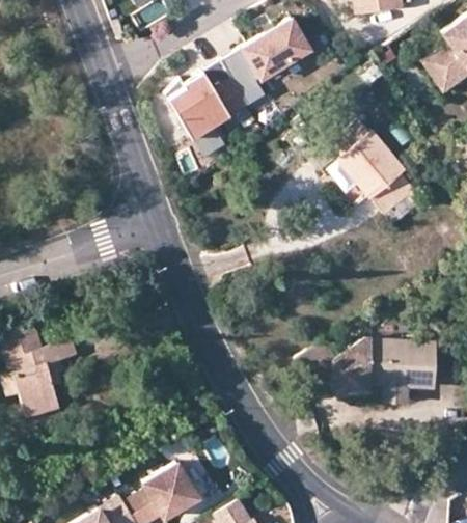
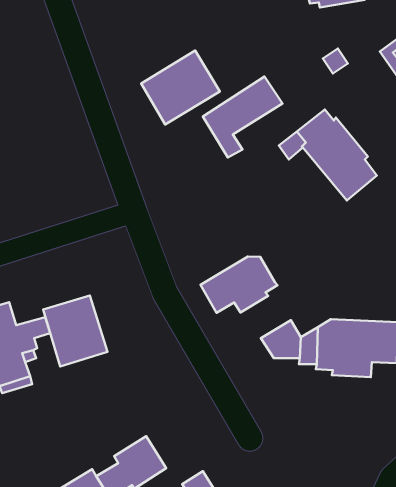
building: [228,20,311,104] -> [203,77,283,158]
building: none -> [200,256,277,313]
building: none -> [43,295,108,367]

